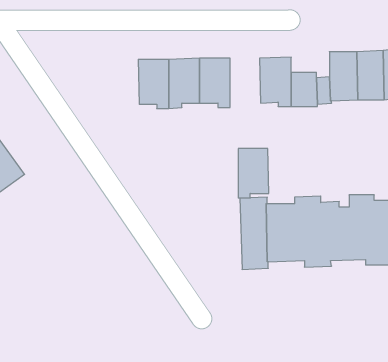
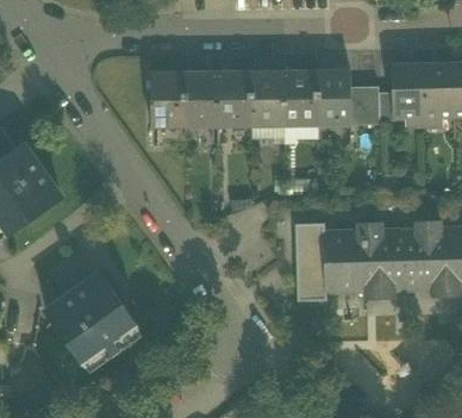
building: none -> [151,73,186,126]
building: [238,149,269,198] -> [285,71,318,125]
building: none -> [46,274,138,367]

